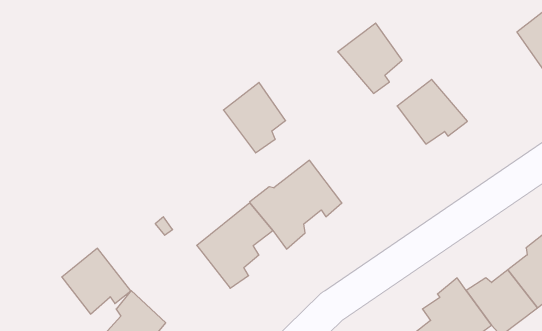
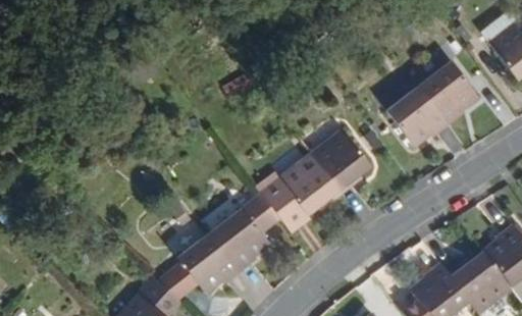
building: [338,23,402,93] -> [419,58,476,120]
building: [223,82,286,153] -> [311,130,366,193]
building: [62,248,131,314] -> [179,230,241,288]

